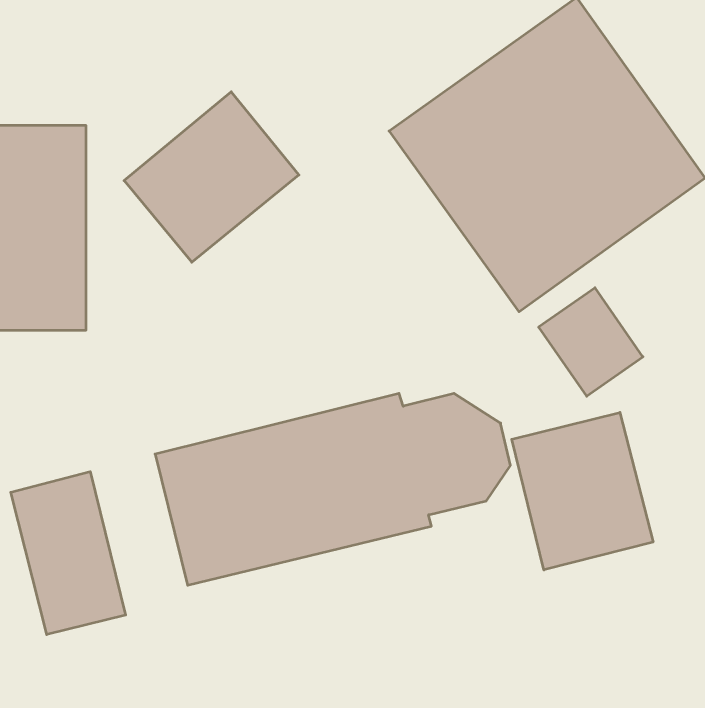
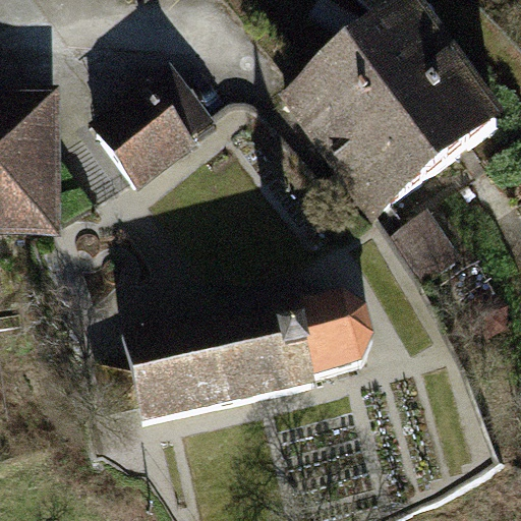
building: [512,412,653,570] -> none
building: [11,472,126,635] -> none

